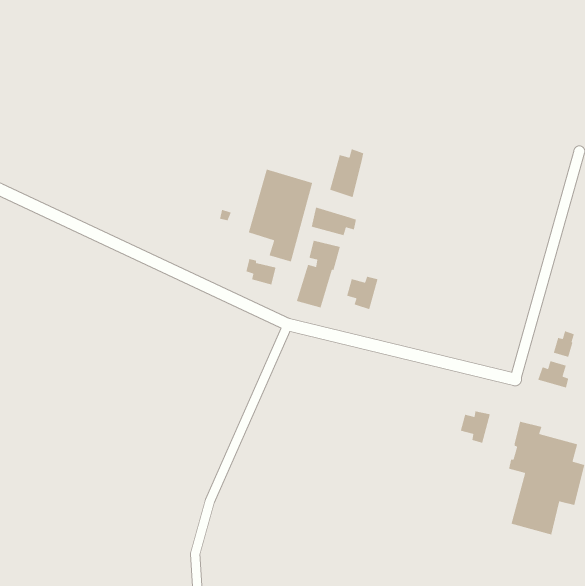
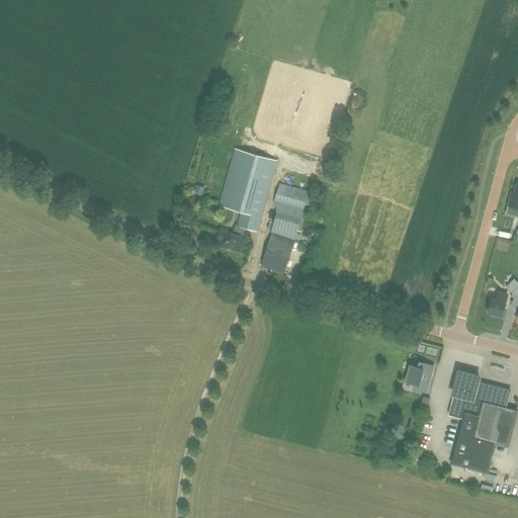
building: [329,148,364,198] -> none
building: [346,276,378,310] -> none
building: [537,360,569,388] -> none

